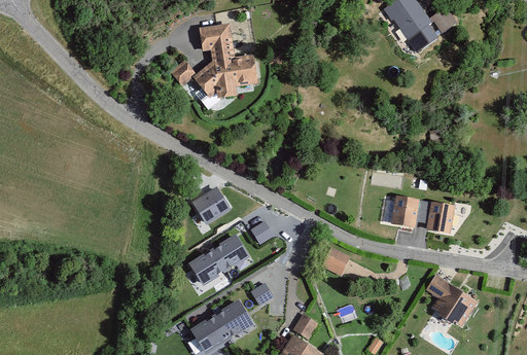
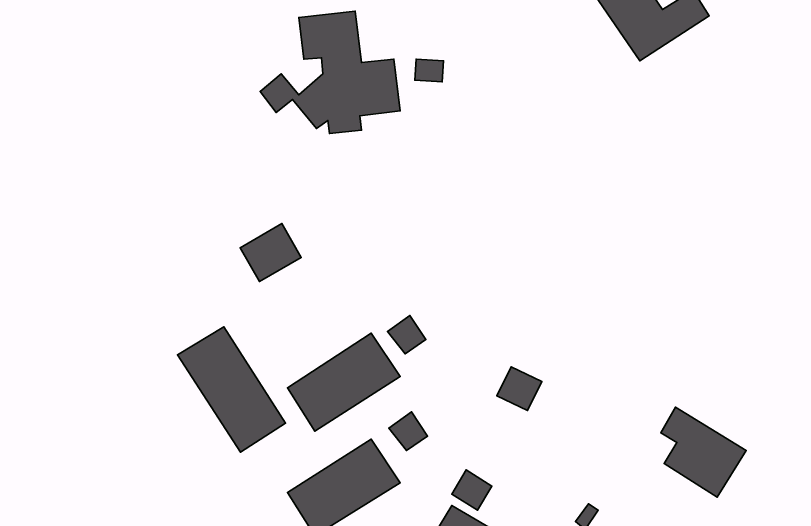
building: [197,182,236,219] -> [240,224,301,282]
building: [389,194,452,235] -> none
building: none -> [177,327,285,452]

